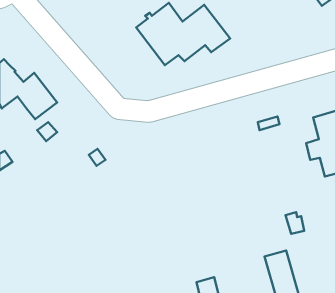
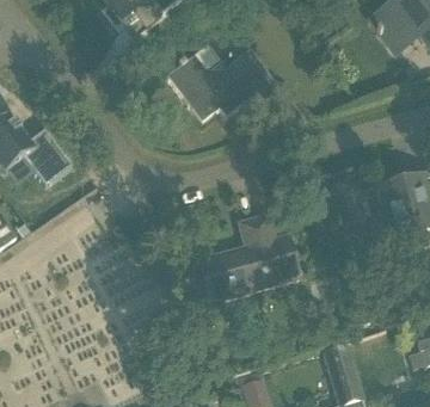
building: none -> [199,214,300,302]

